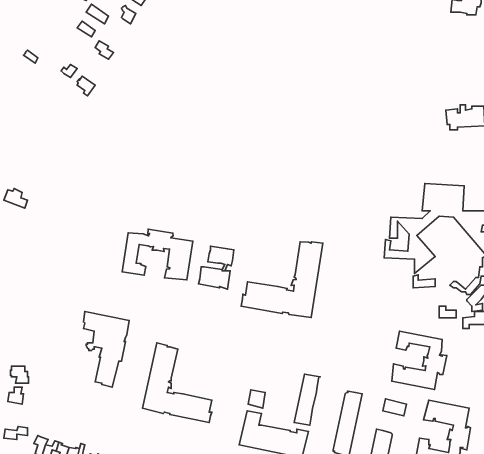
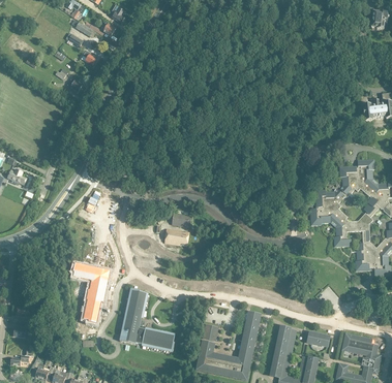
building: [122,229,193,280] -> none
building: [241,242,323,317] -> none
building: [392,331,447,390] -> none

